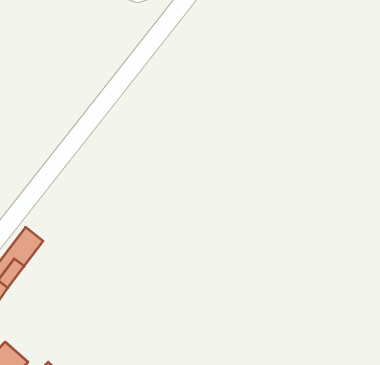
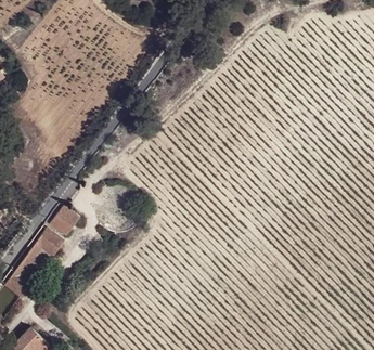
building: none -> [49,206,79,236]

